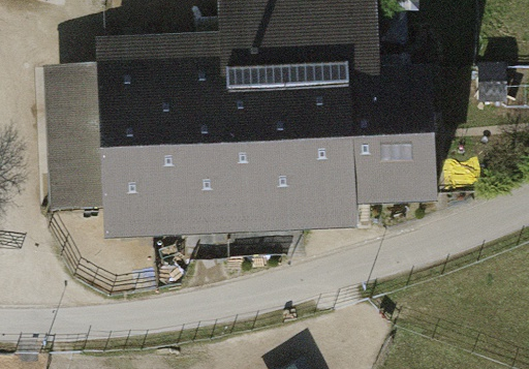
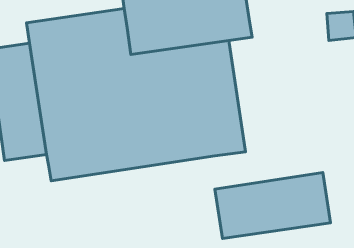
building: [348,65,436,205] -> none
building: none -> [215,172,331,239]

